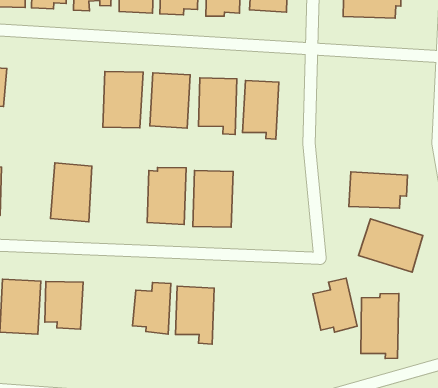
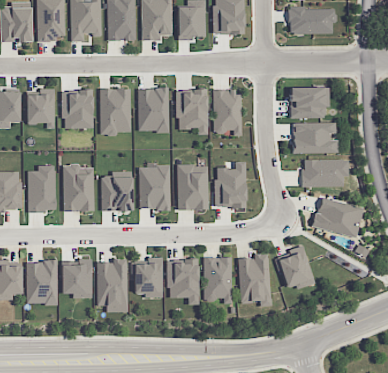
building: none -> [26,88,54,127]
building: none -> [62,90,93,128]
building: none -> [289,87,327,118]
building: none -> [293,122,337,153]
building: none -> [27,165,55,211]
building: none -> [214,161,246,207]
building: none -> [101,171,132,211]
building: none -> [96,260,127,312]
building: none -> [203,257,232,303]
building: [361,294,399,359] -> [238,253,270,306]

